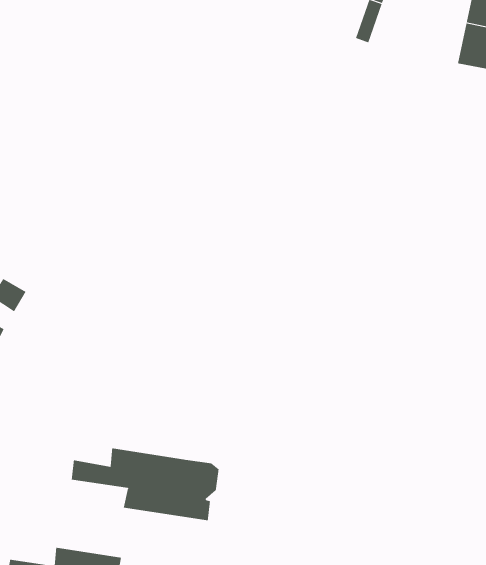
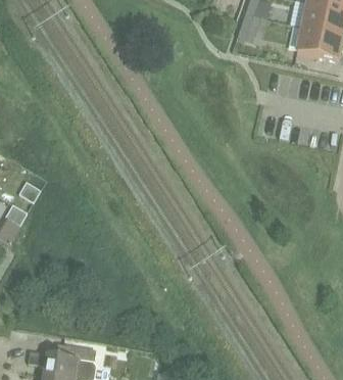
building: [71,448,219,521] -> none

